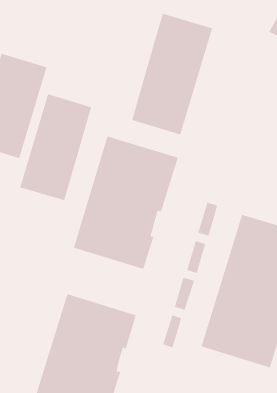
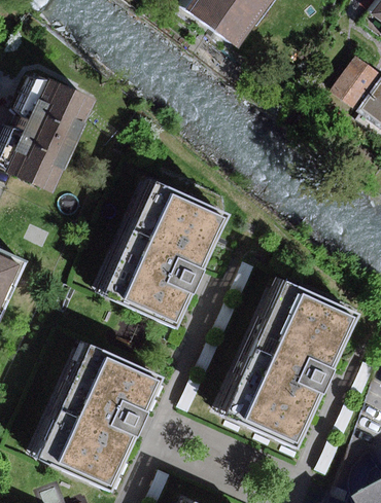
building: [131,13,213,136] -> none
building: [19,93,92,201] -> none

